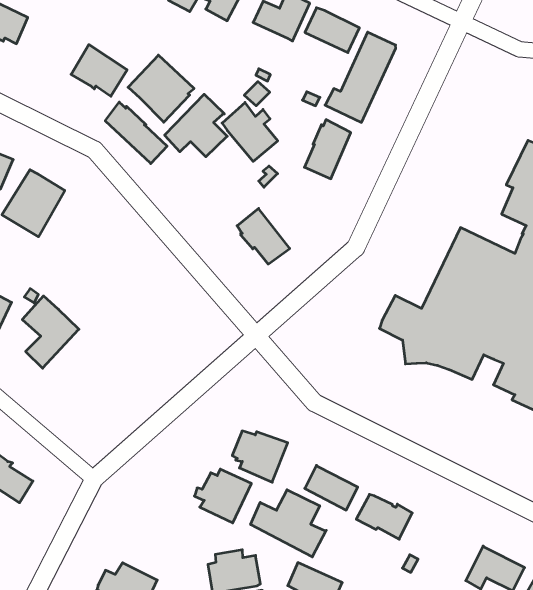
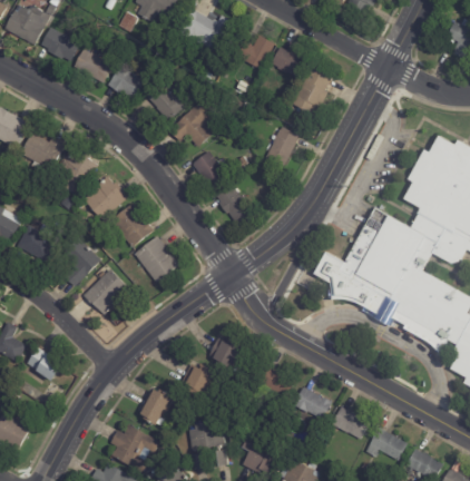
building: none -> [74,49,112,82]
building: [105,102,167,164] -> none
building: [222,102,278,161] -> [193,150,231,192]
building: none -> [82,176,130,220]
building: none -> [111,202,156,247]
building: none -> [135,235,179,282]
building: none -> [84,269,128,314]
building: [251,490,326,557] -> none
building: none -> [136,390,169,424]
building: none -> [327,406,366,439]

